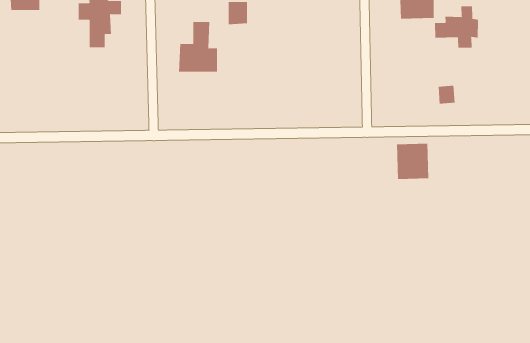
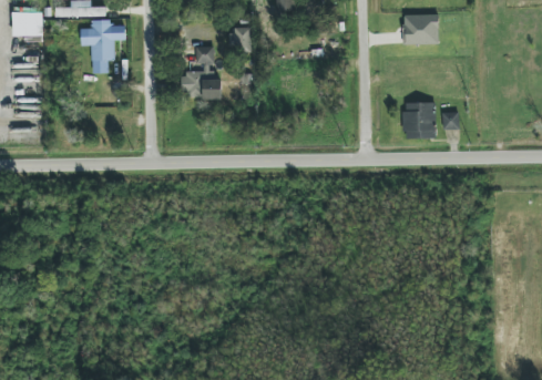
building: [434,5,478,49] -> none
building: [396,143,429,179] -> [402,102,436,138]

